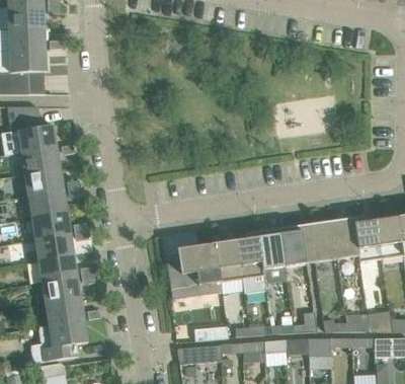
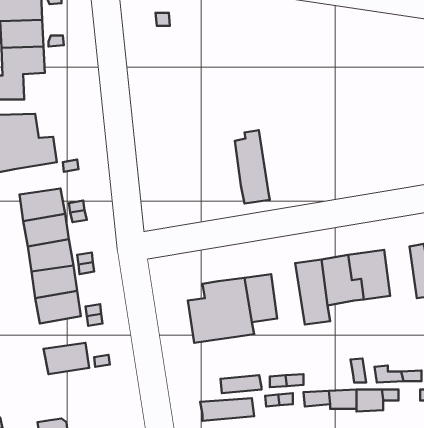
building: [21,146,60,173] -> none
building: [332,217,359,260] -> none
building: [237,231,266,293] -> [235,130,270,204]
building: [43,276,81,303] -> none
building: [31,319,88,363] -> none

